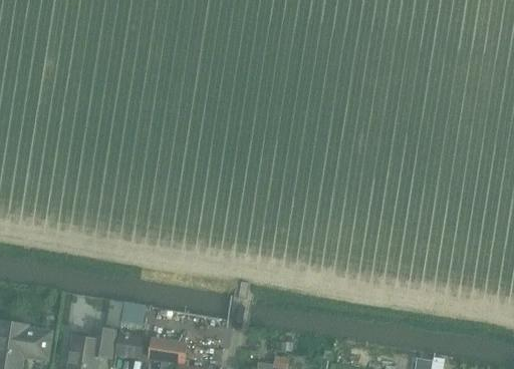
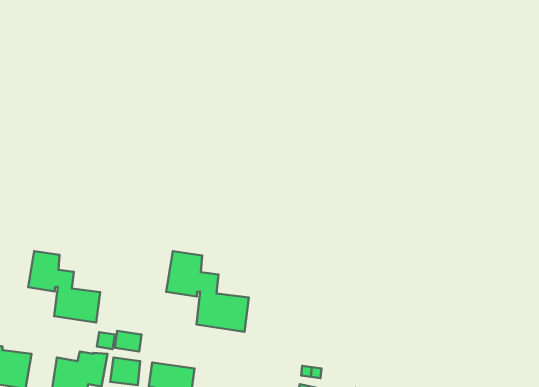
building: none -> [166,251,249,332]
building: none -> [28,251,100,322]

